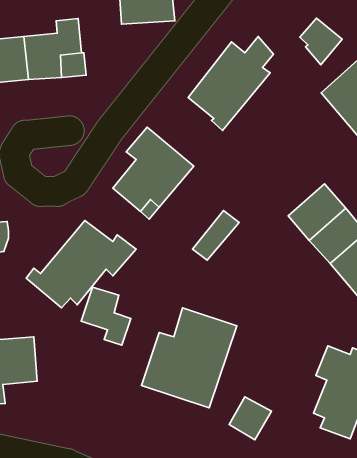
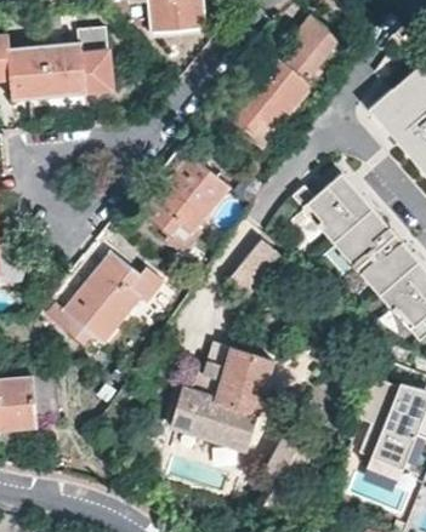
building: [300,18,342,65] -> [294,15,340,65]
building: none -> [291,172,373,242]
building: [81,287,131,345] -> none

